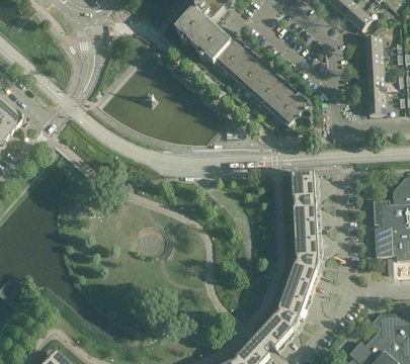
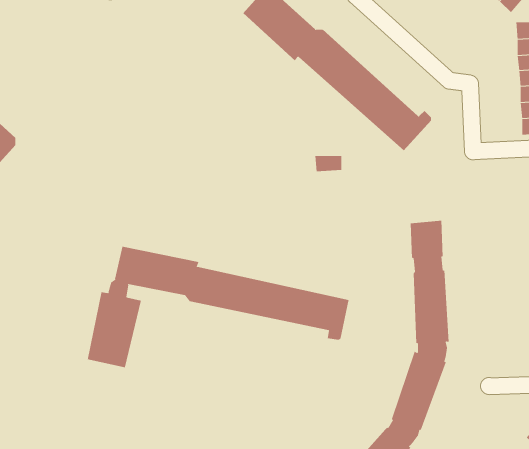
building: none -> [87,246,349,368]

